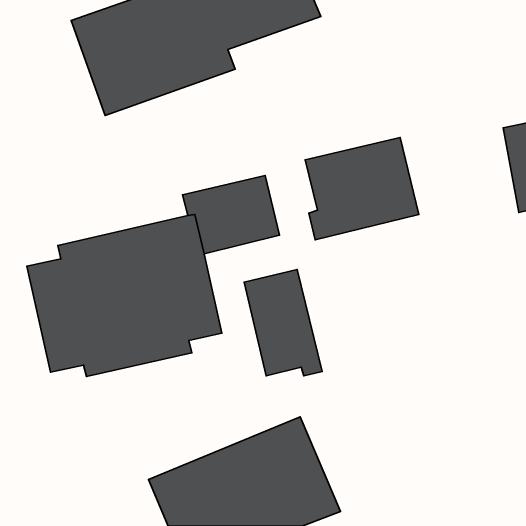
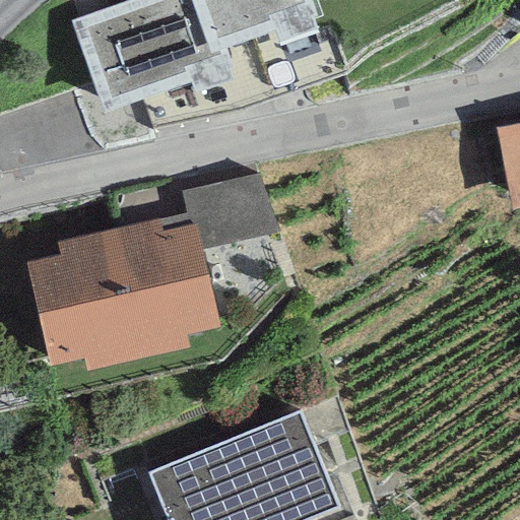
building: [305,137,419,240] -> none
building: [244,269,322,376] -> none

